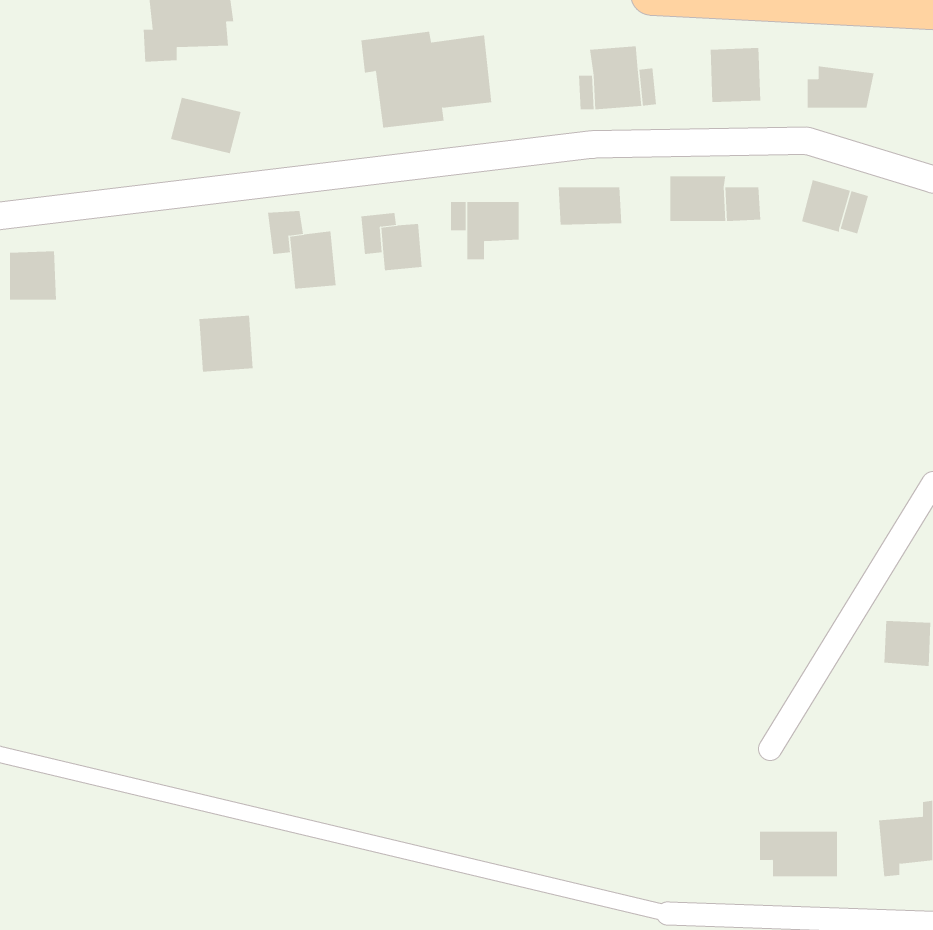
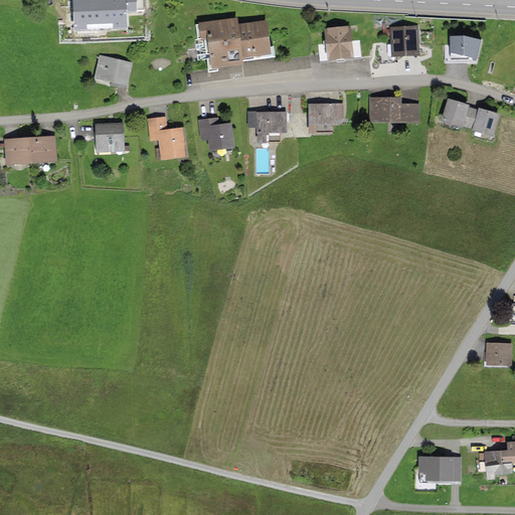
building: none -> [471,108,499,138]
building: none -> [30,137,56,165]
building: [199,315,253,372] -> [95,122,125,153]

